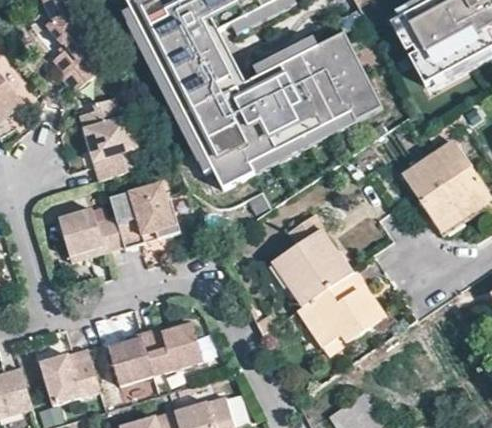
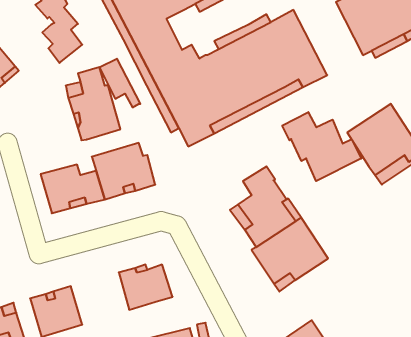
building: [196,30,243,86] -> [100,59,140,107]
building: none -> [282,112,361,181]
building: [106,328,153,385] -> none

